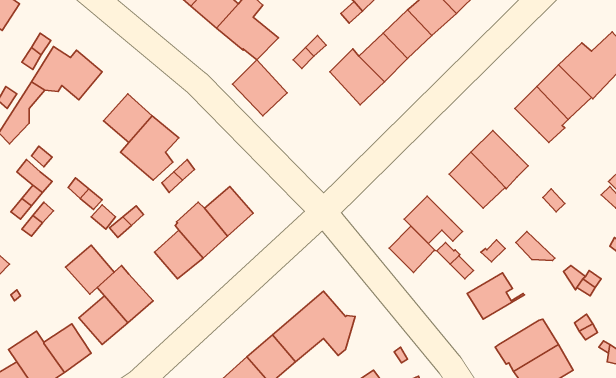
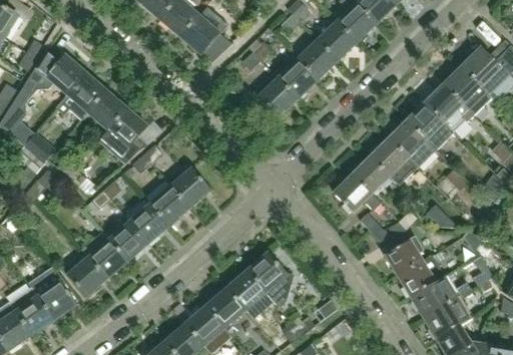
building: [232,60,287,116] -> [252,71,298,117]
building: none -> [55,71,106,118]
building: none -> [407,101,454,148]
building: [389,226,435,272] -> [353,155,391,194]
building: [66,245,114,294] -> [107,220,147,260]
building: none -> [399,255,445,296]

